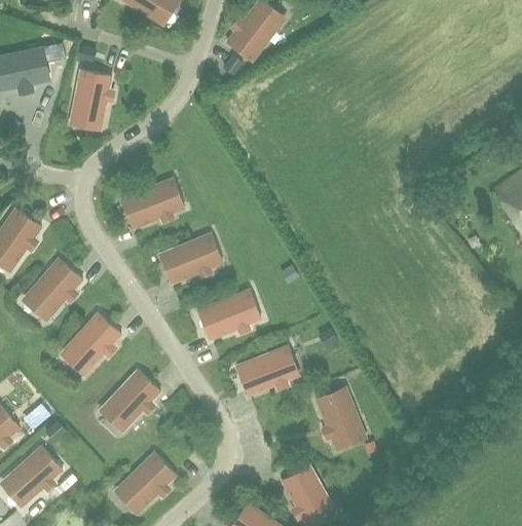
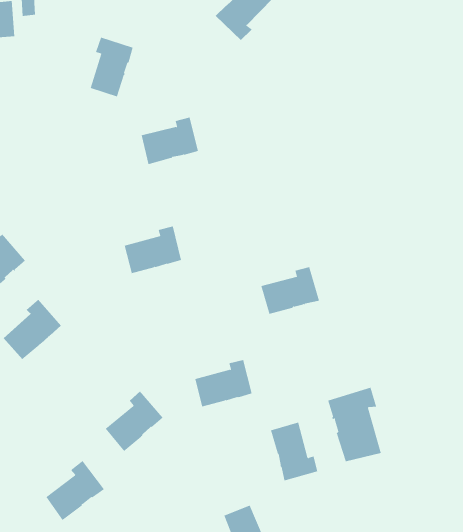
building: [75,70,110,122] -> [90,37,134,97]
building: [129,179,183,226] -> [141,117,199,165]
building: [206,290,260,337] -> [261,266,320,315]
building: none -> [328,387,382,462]
building: [108,370,159,426] -> [105,391,163,452]

